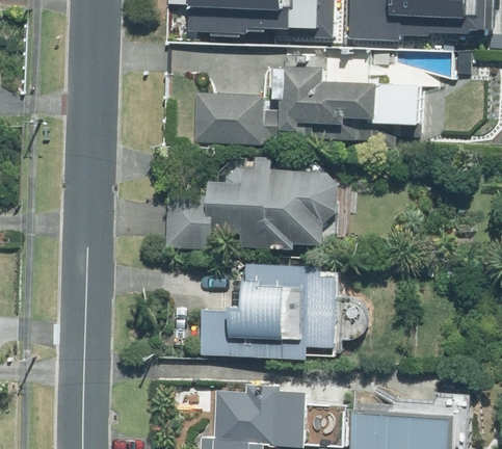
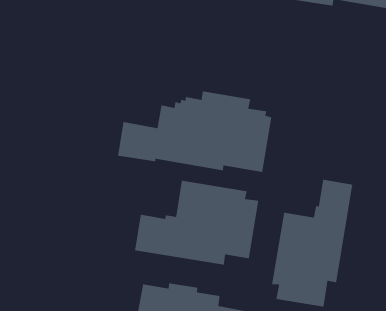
building: [192,64,419,144] -> none
building: none -> [271,179,353,307]

